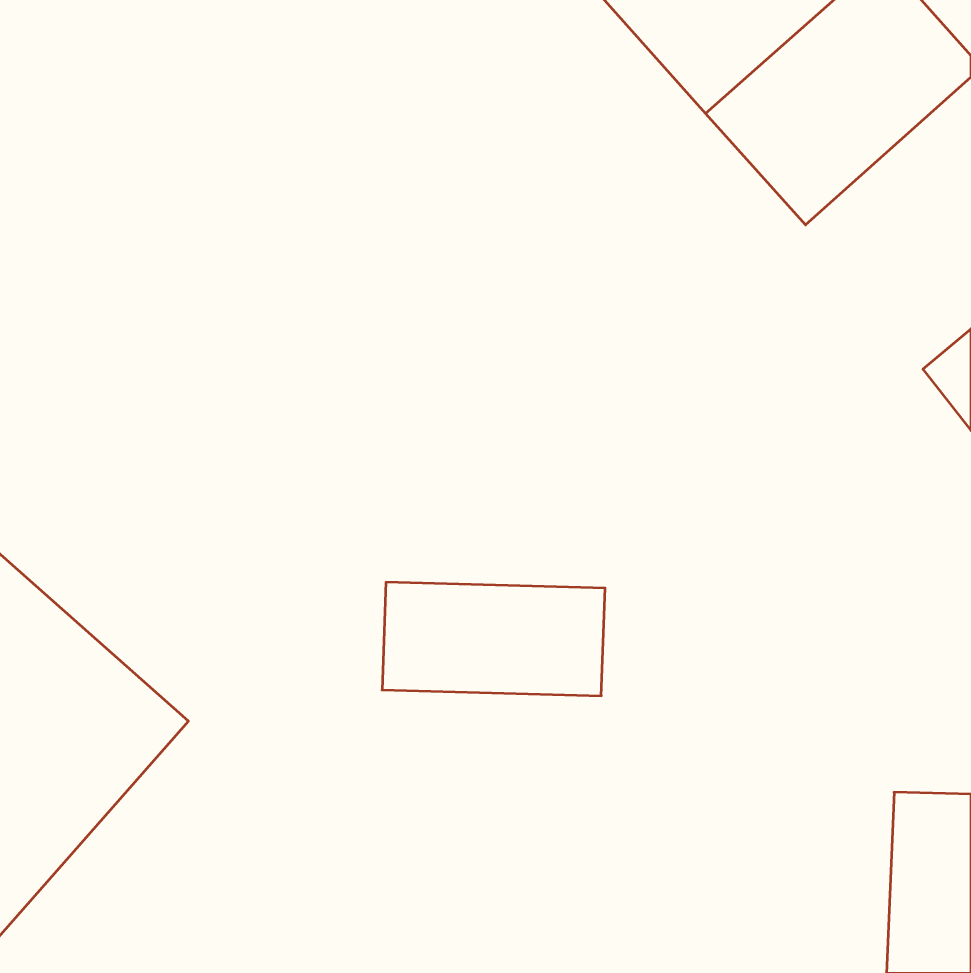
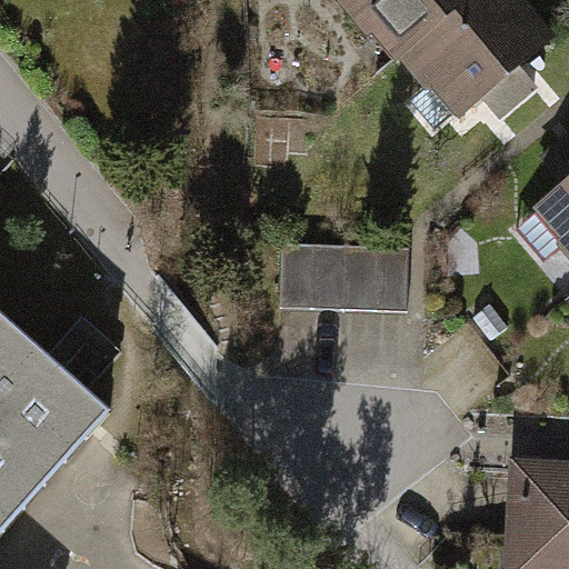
building: [382,582,605,696] -> [277,242,406,308]

